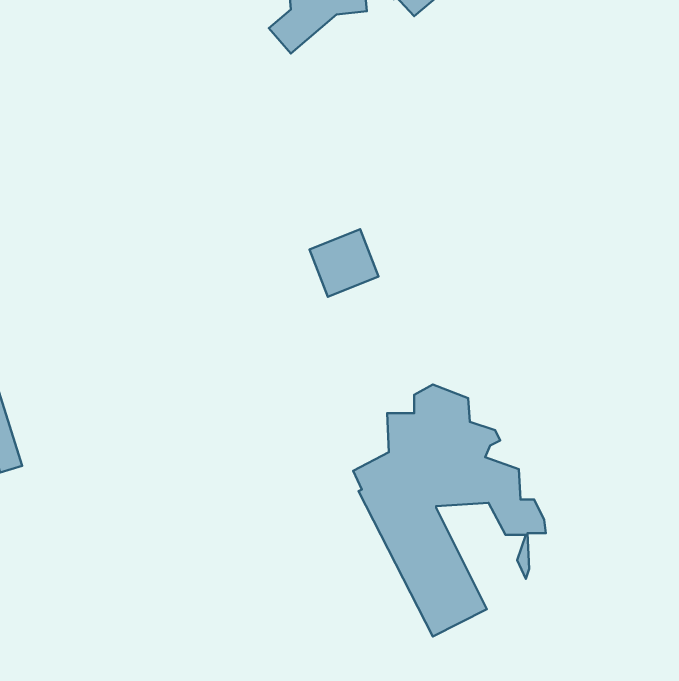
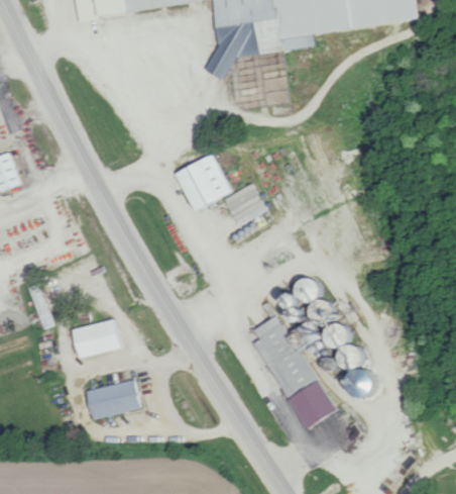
building: none -> [175,151,236,212]
building: none -> [70,317,125,358]
building: none -> [84,378,145,419]

